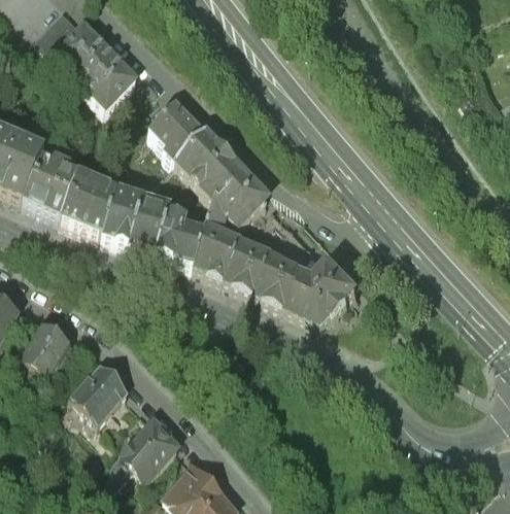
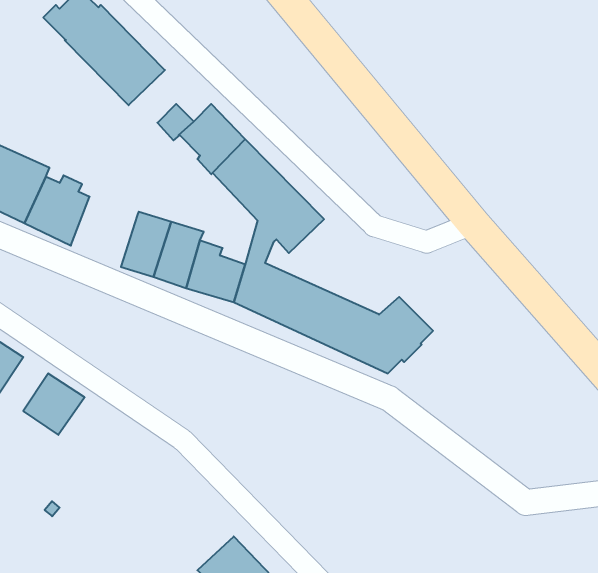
building: [61,175,115,234] -> none
building: [73,362,129,420] -> none
building: [109,416,177,478] -> none

